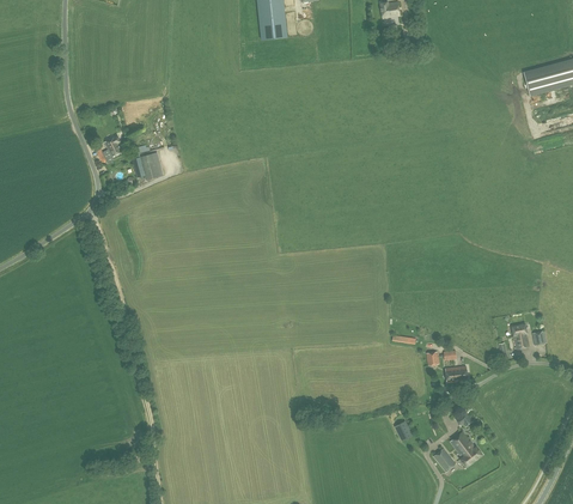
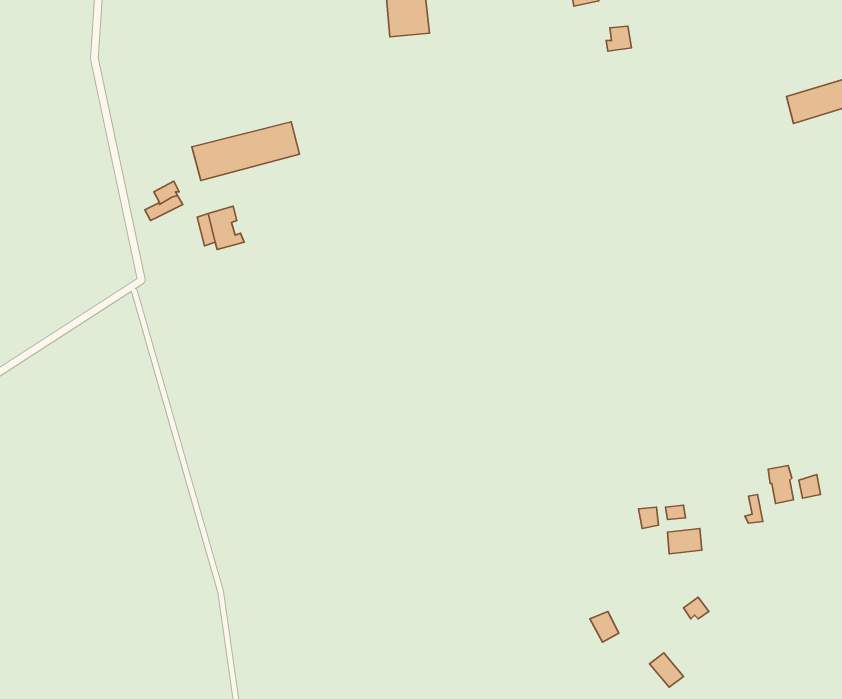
building: none -> [192,122,300,181]
building: [450,431,483,467] -> none

